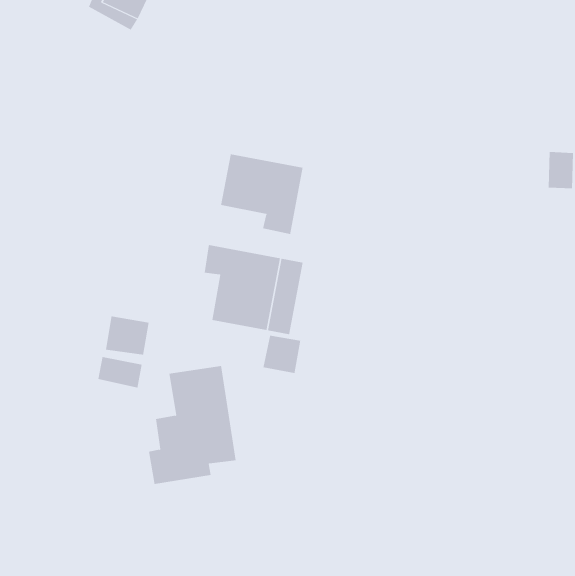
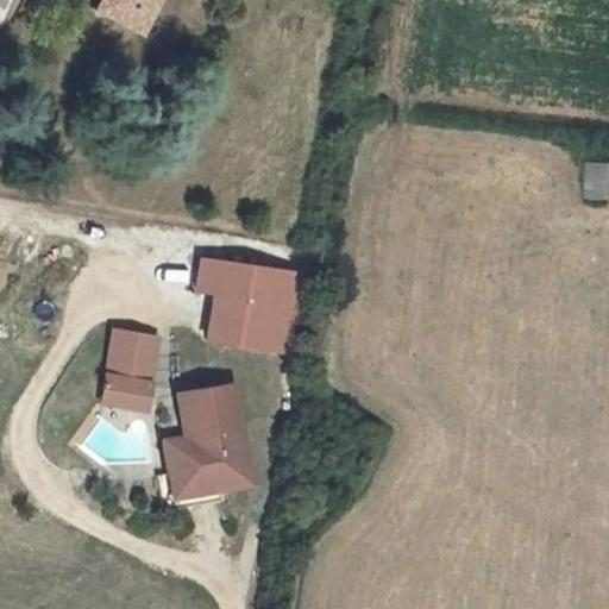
building: [221,154,303,235] -> none
building: [263,335,301,374] -> none

